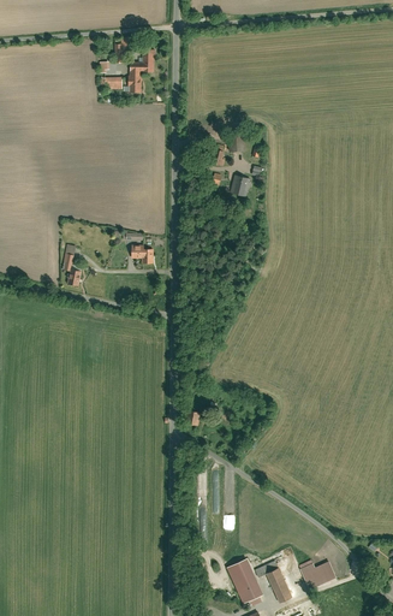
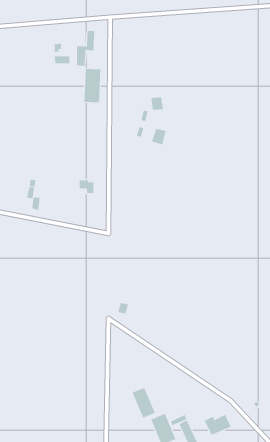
building: none -> [84,68,101,103]
building: none -> [132,387,155,418]

